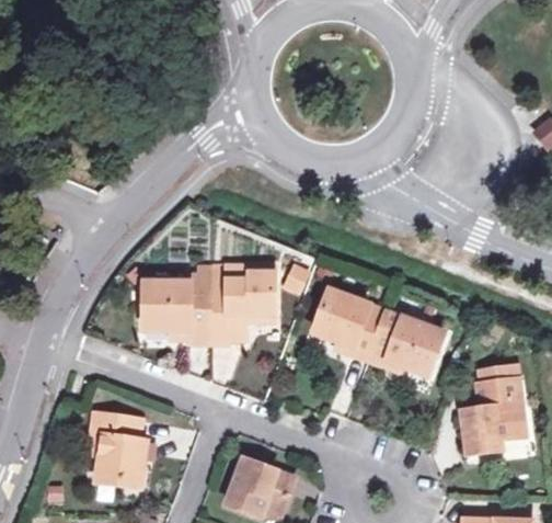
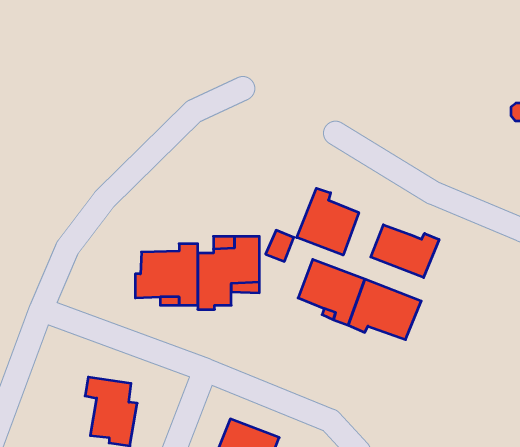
building: none -> [297,188,359,255]
building: none -> [371,225,439,278]
building: [461,379,524,453] -> none

